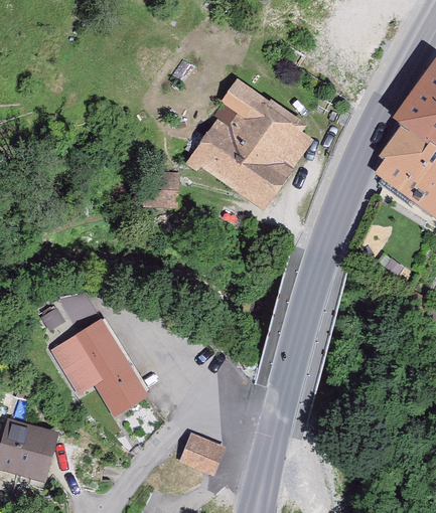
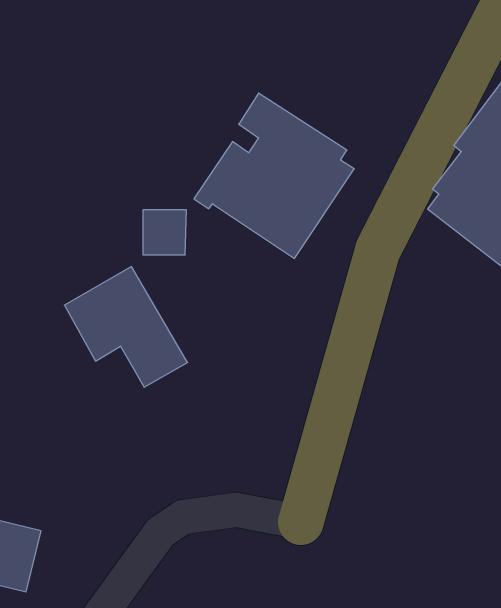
building: [49,318,149,415] -> [64,267,188,387]
building: [179,433,224,473] -> none

